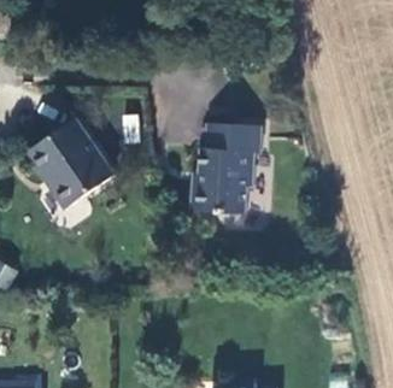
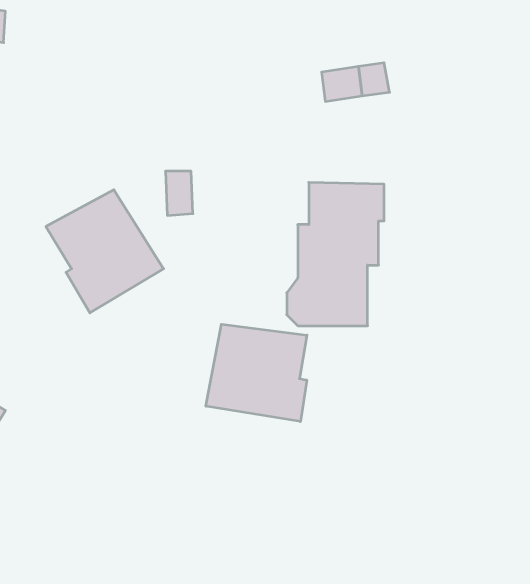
building: none -> [206,324,307,422]

